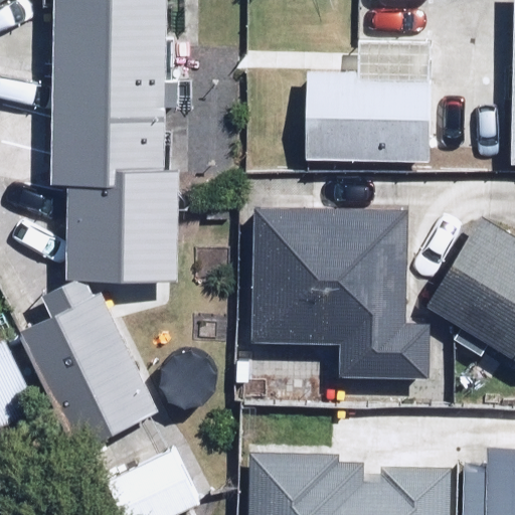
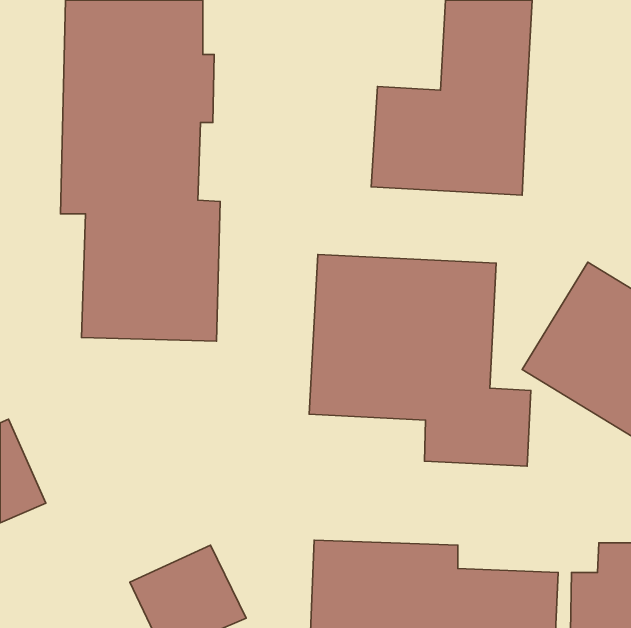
building: [16,296,160,458] -> none

